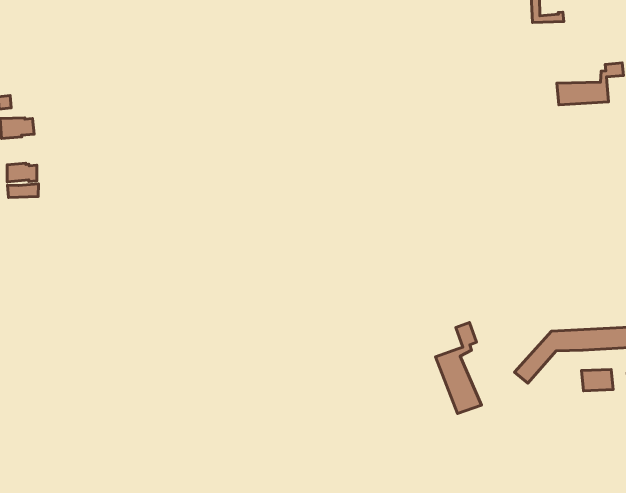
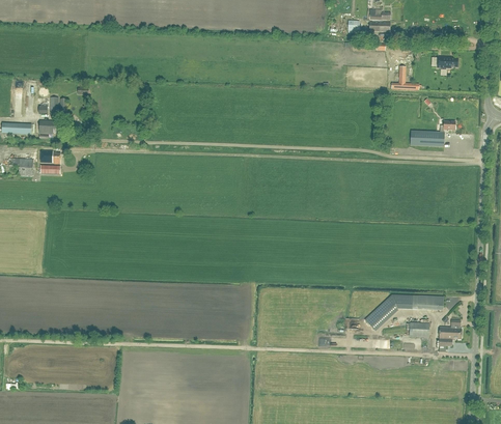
building: [436,323,481,414] -> none

